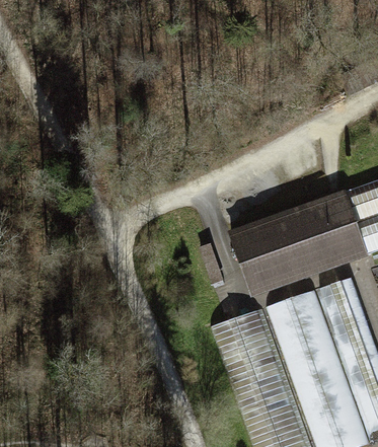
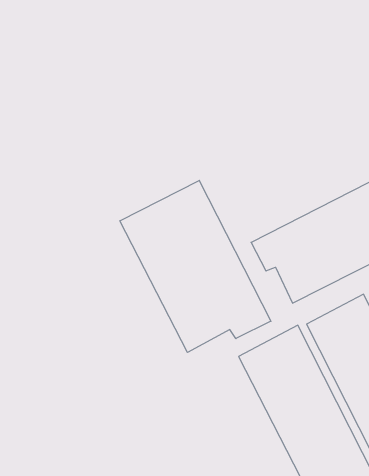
building: none -> [120,180,271,352]

